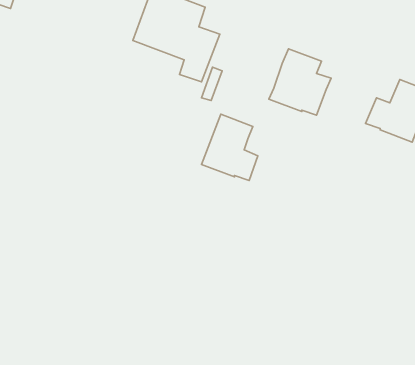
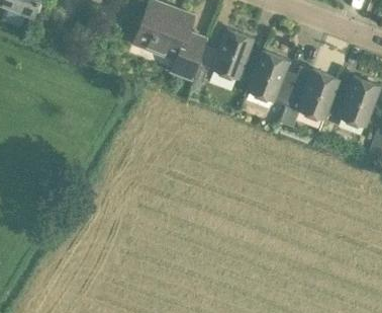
building: none -> [285,70,339,122]
building: [201,114,258,180] -> [210,28,257,83]

